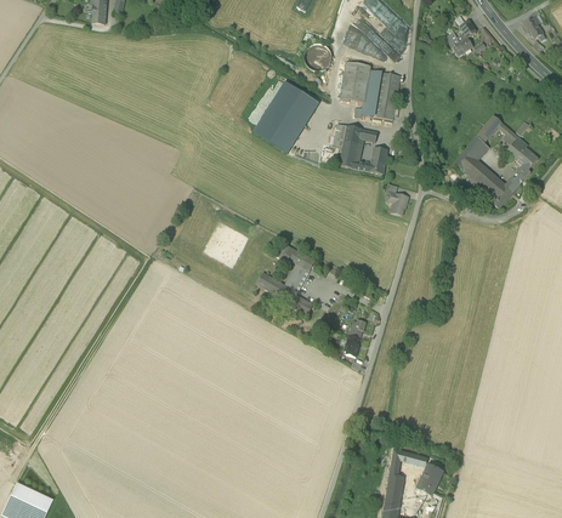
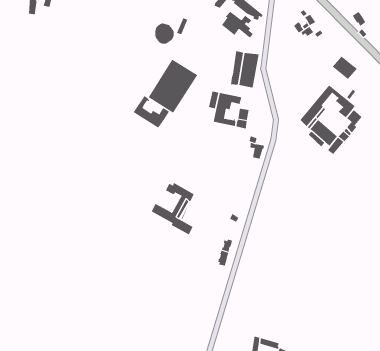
building: [305,42,331,70] -> [154,23,175,44]
building: [340,61,370,101] -> none
building: none -> [332,56,357,80]
building: none -> [133,95,170,129]

